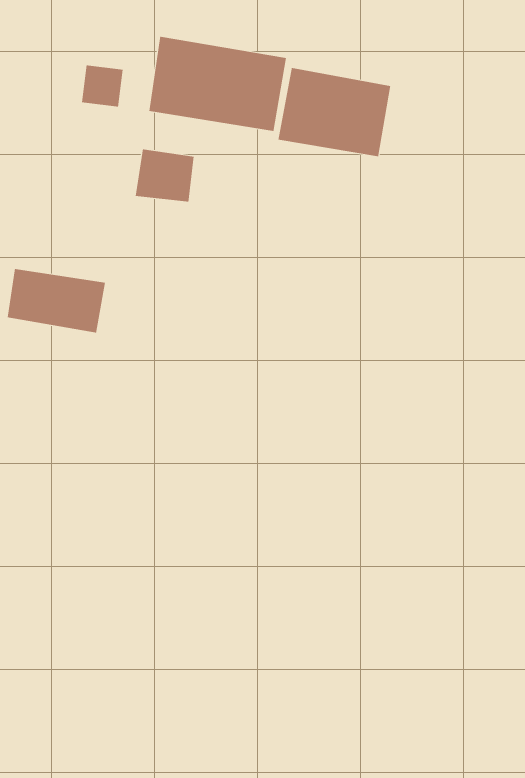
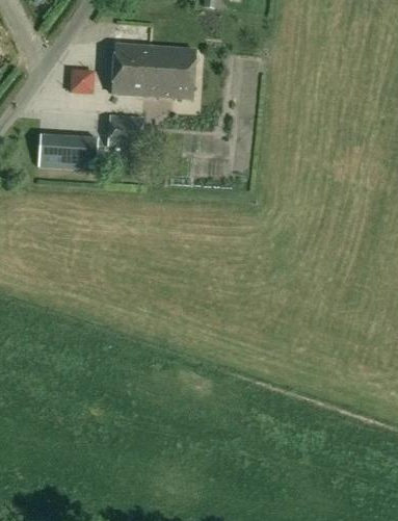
building: [278,67,391,157] -> none
building: [7,268,106,333] -> [37,133,98,170]

